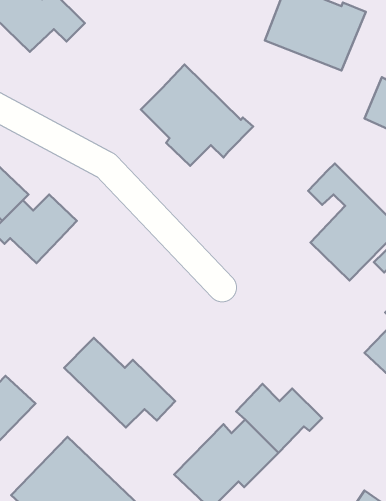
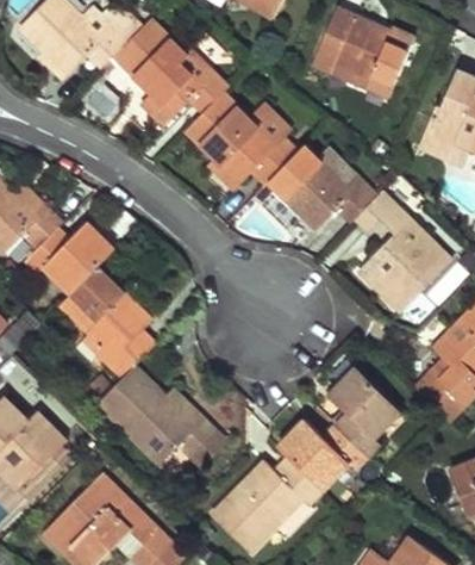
building: none -> [110,26,219,126]
building: none -> [270,147,374,226]
building: none -> [61,269,154,378]
building: none -> [332,367,401,455]

